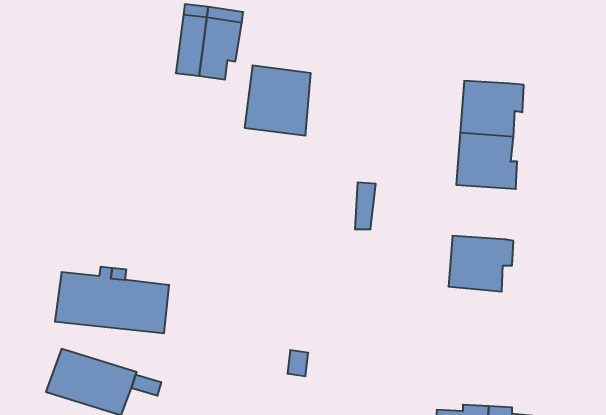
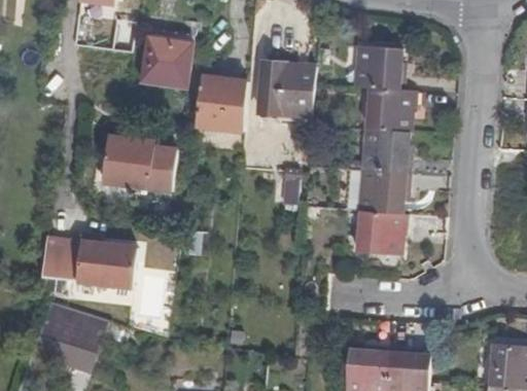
building: none -> [356,45,406,91]
building: none -> [257,65,315,116]
building: none -> [103,137,176,191]
building: none -> [359,171,410,214]

